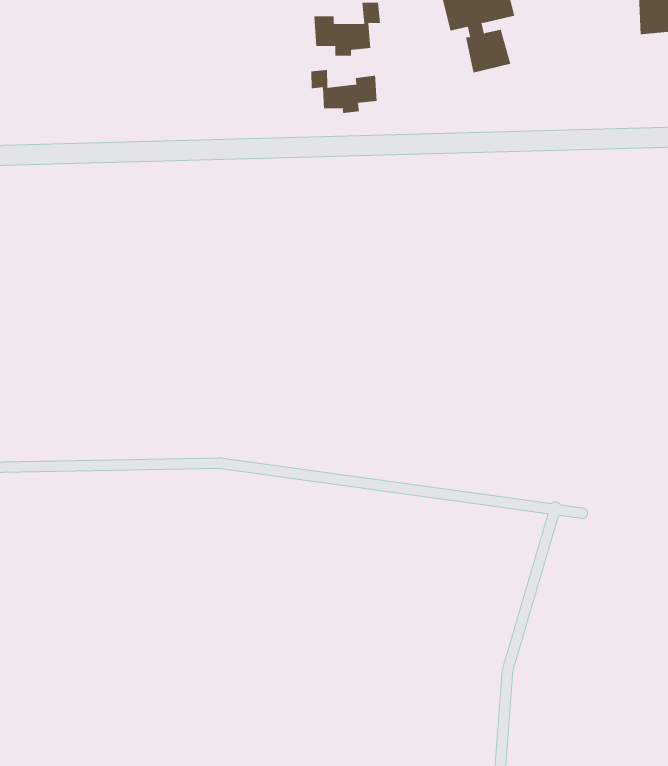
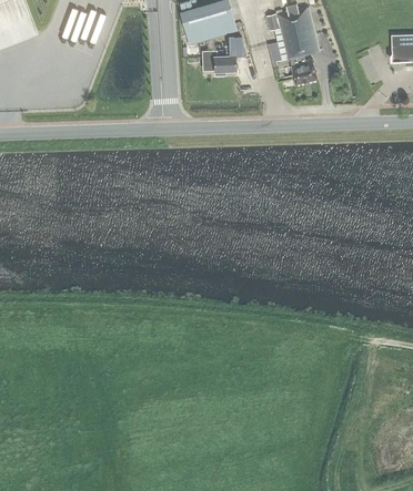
building: [311,69,377,114] -> none

